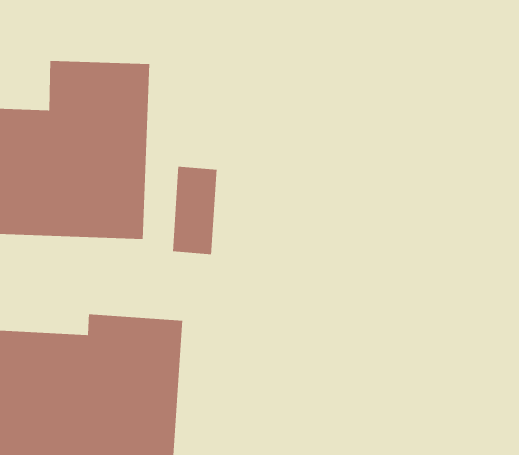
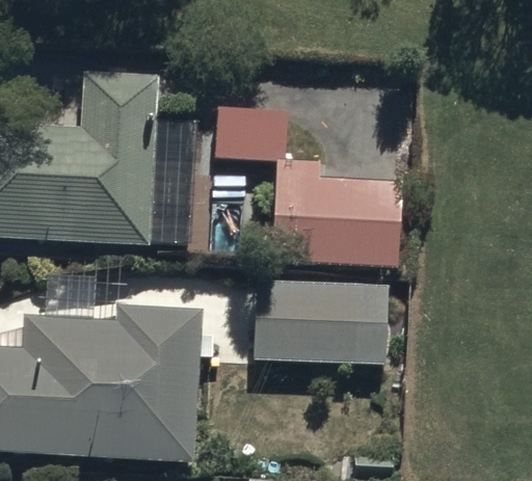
building: none -> [265,157,401,268]
building: none -> [247,277,388,362]

